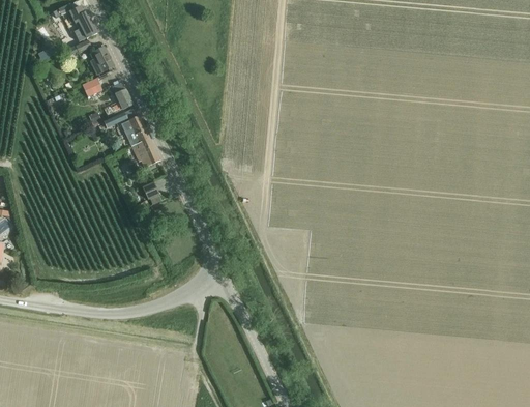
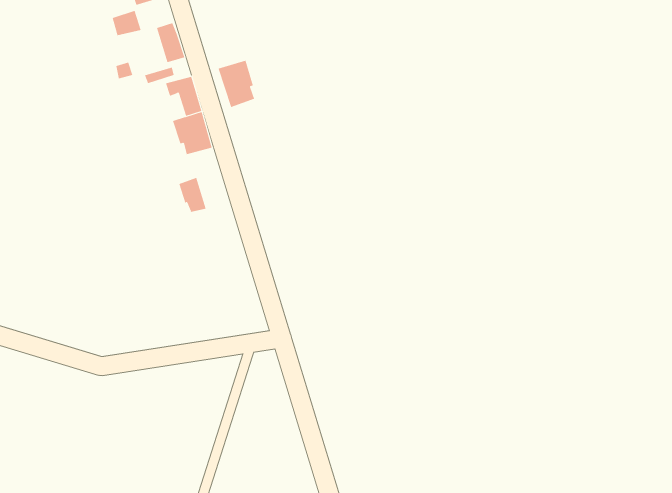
building: none -> [218,60,255,108]

